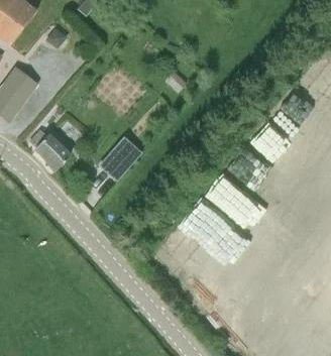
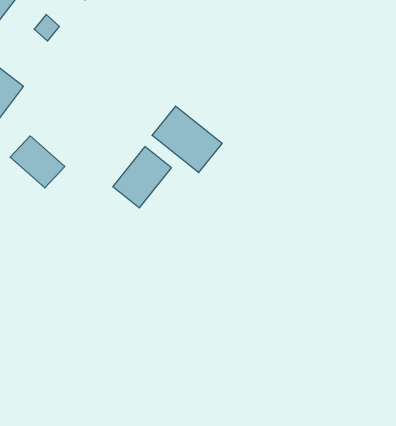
building: none -> [152,106,222,173]

